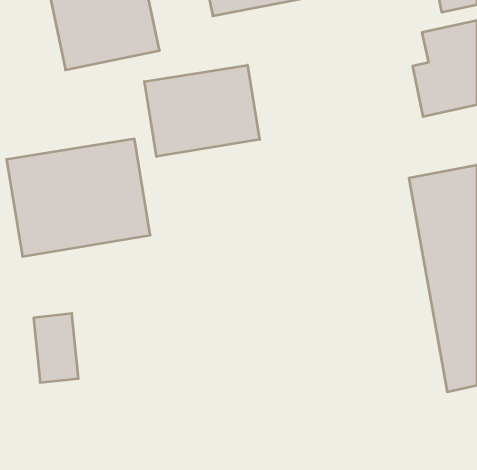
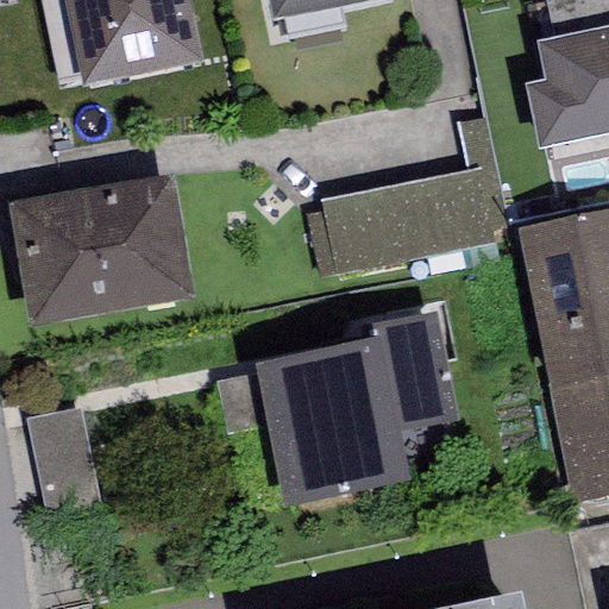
building: [144,65,260,157] -> none
building: none -> [320,156,507,268]
building: none -> [255,314,456,509]

